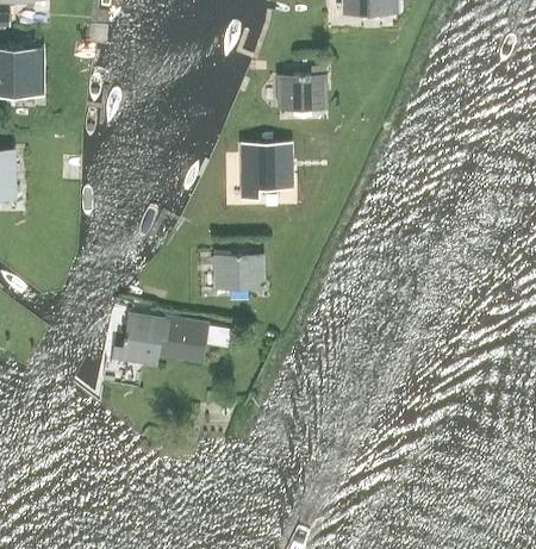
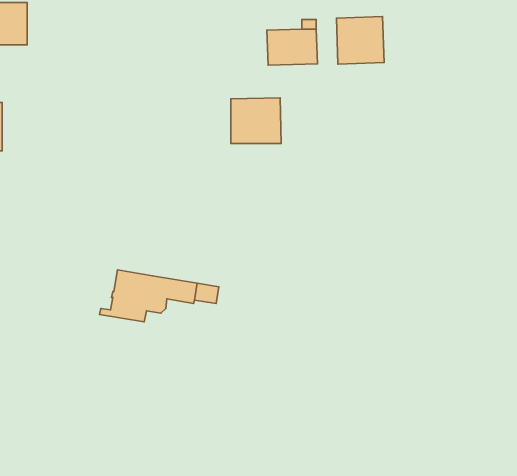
building: none -> [336,16,384,64]
building: [216,250,264,291] -> none

